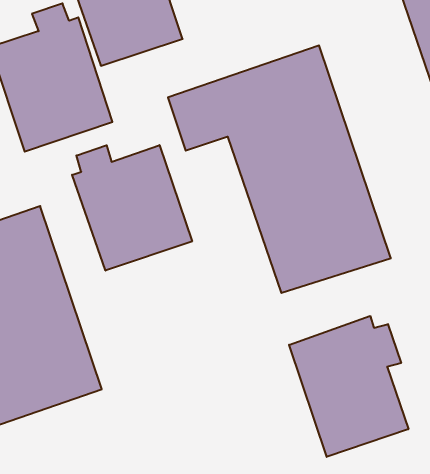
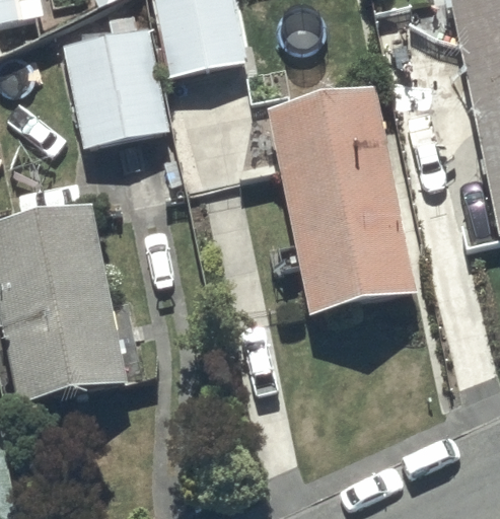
building: [72,145,192,271] -> none
building: [289,316,408,457] -> none

